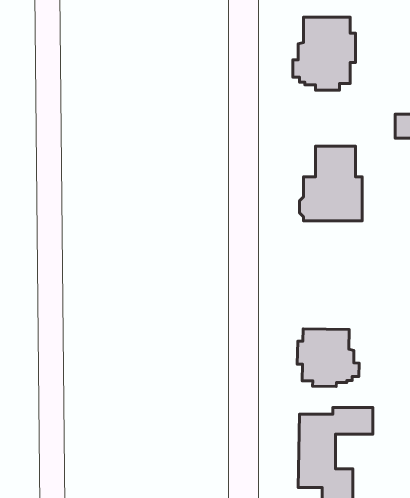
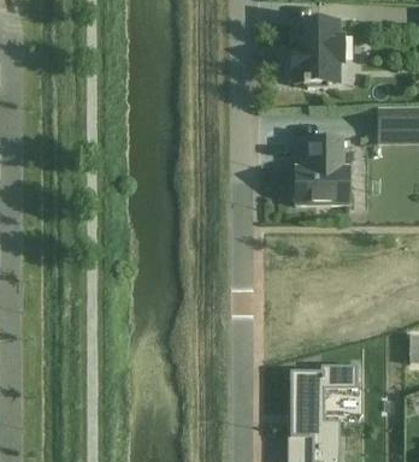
building: [297,329,359,387] -> none

